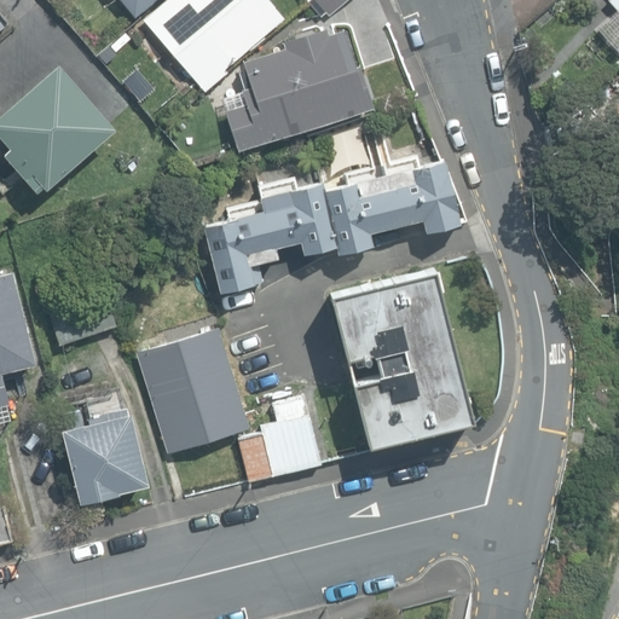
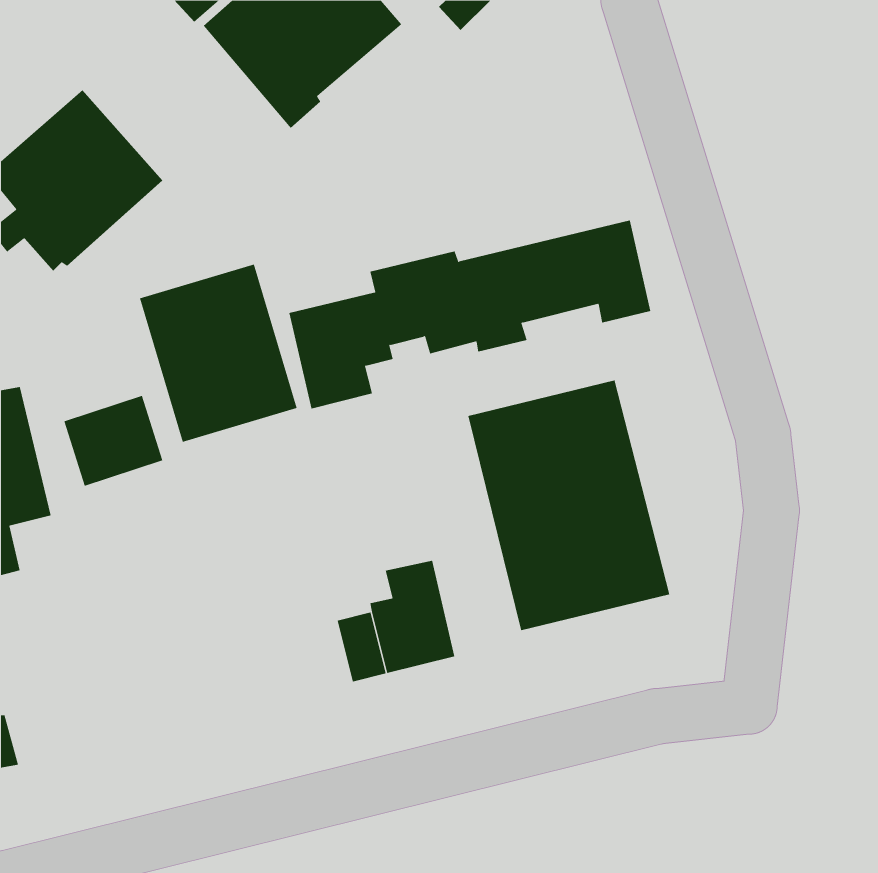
building: [225,31,374,152] -> none
building: [137,328,248,453] -> [139,264,297,442]
building: [63,407,147,504] -> none

